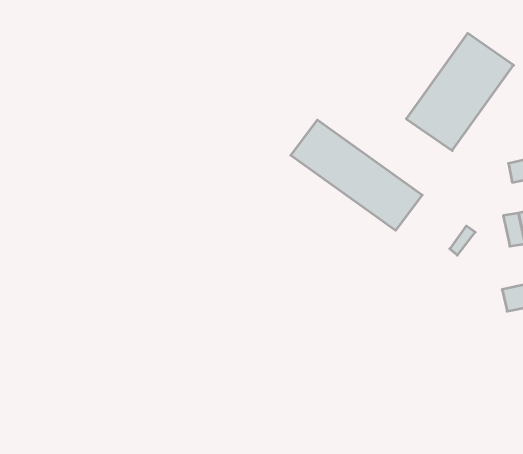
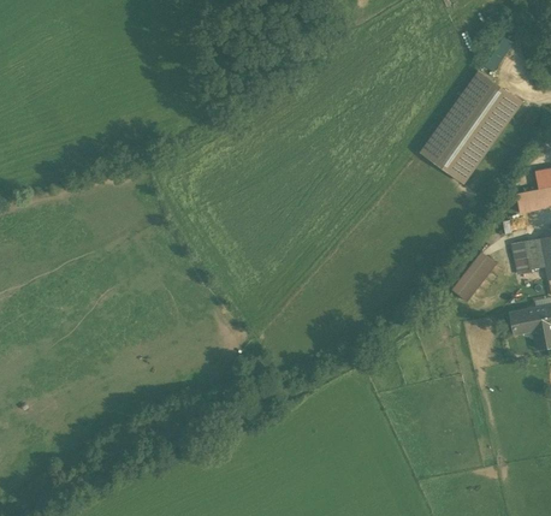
building: [291,120,422,230] -> none

